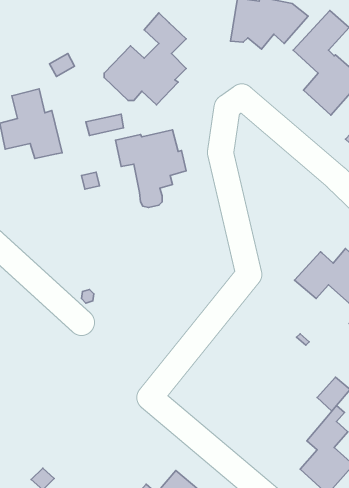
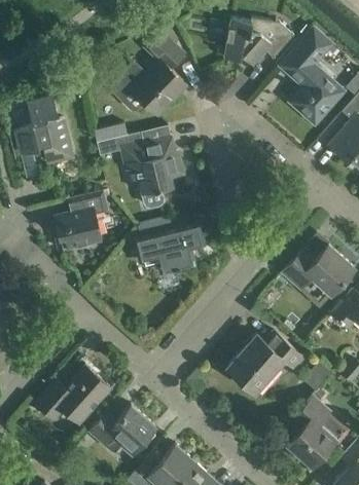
building: none -> [53,193,106,250]
building: none -> [137,218,203,272]
building: none -> [227,329,304,393]
building: none -> [35,366,110,422]
building: none -> [89,405,155,452]

